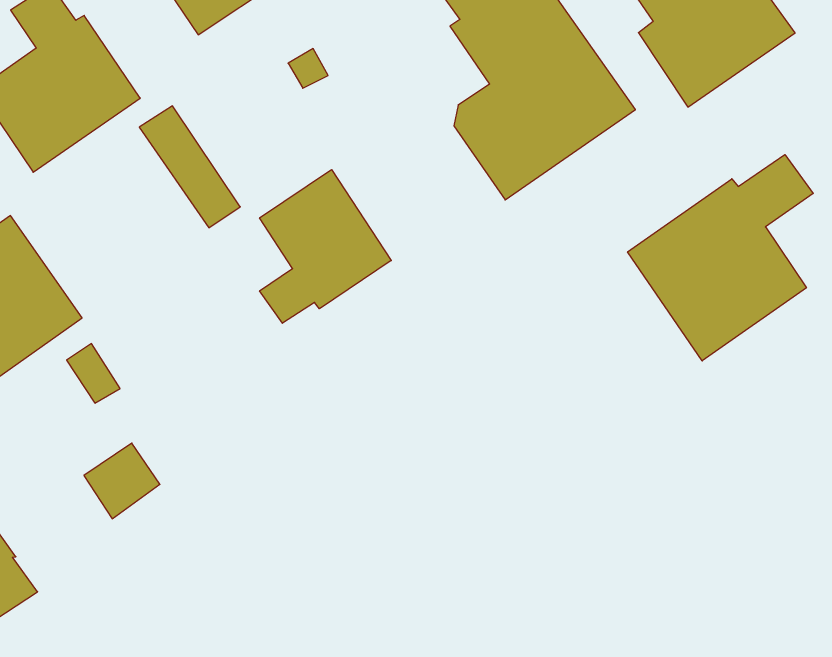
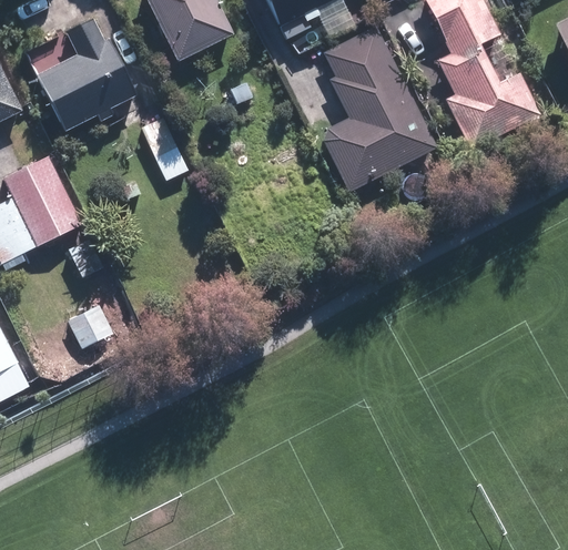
building: [628,155,813,361] -> none
building: [260,170,391,323] -> none

